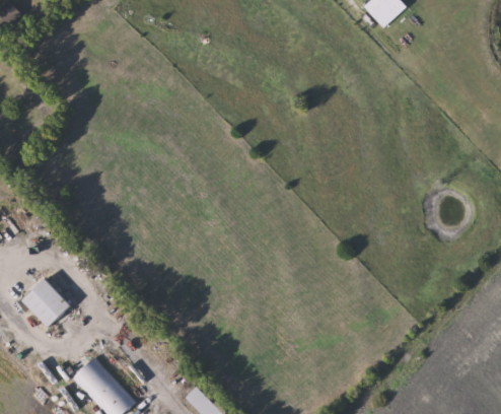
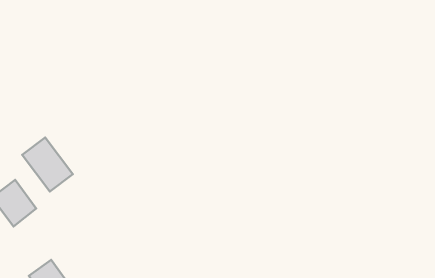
building: none -> [22,137,73,192]

